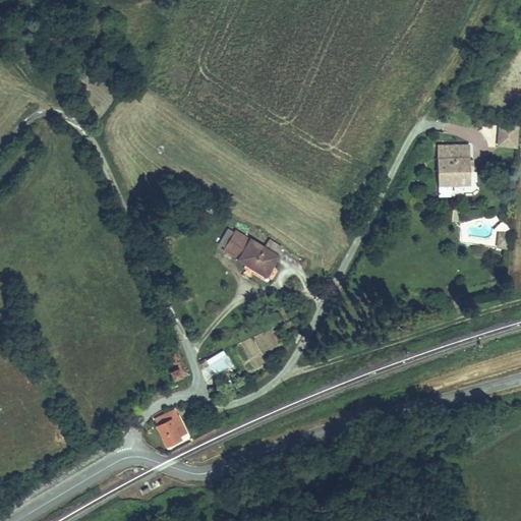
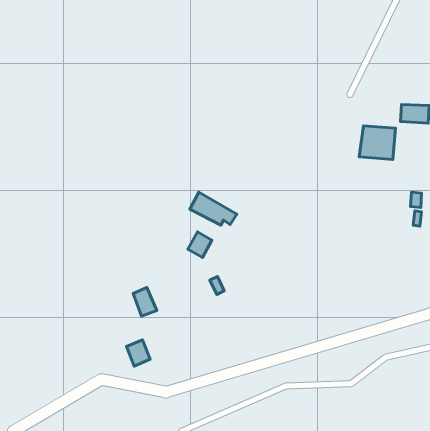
building: none -> [188,232,212,257]
building: [205,350,231,377] -> none

